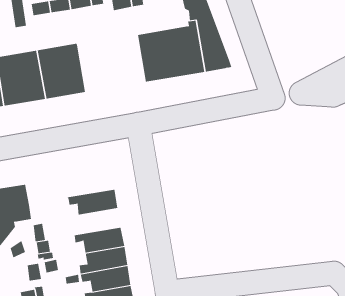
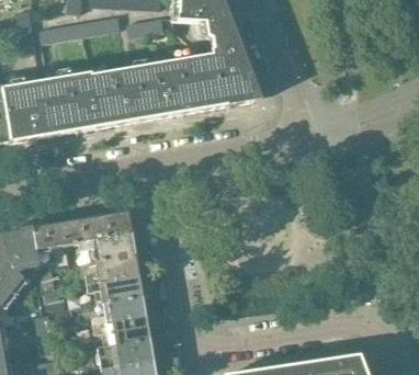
building: none -> [93,62,167,125]
building: none -> [36,209,134,249]
building: none -> [88,252,140,282]

